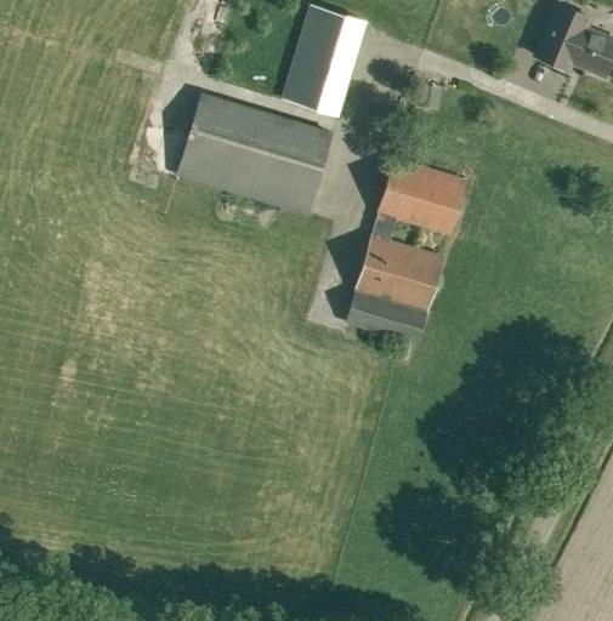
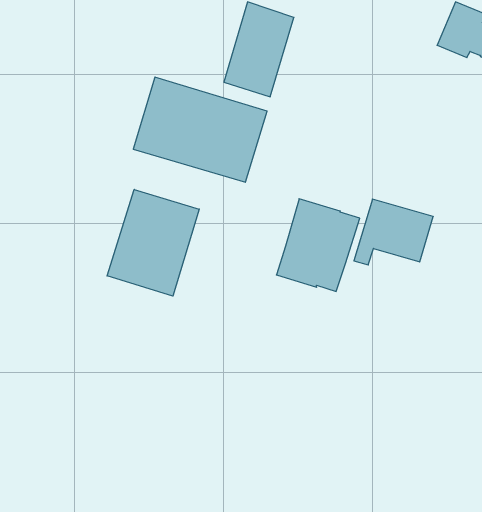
building: [373,161,466,239] -> [354,199,433,265]
building: none -> [107,189,199,296]

